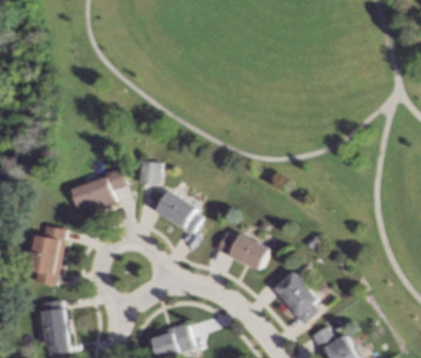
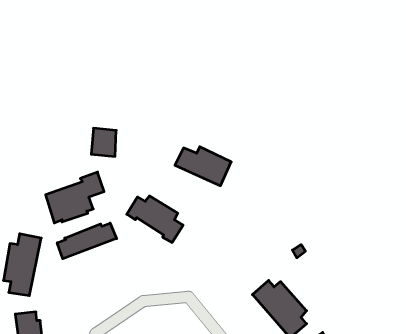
building: [137,160,160,187] -> [91,128,116,156]
building: none -> [57,223,117,259]
building: [216,234,269,271] -> [175,147,231,186]

